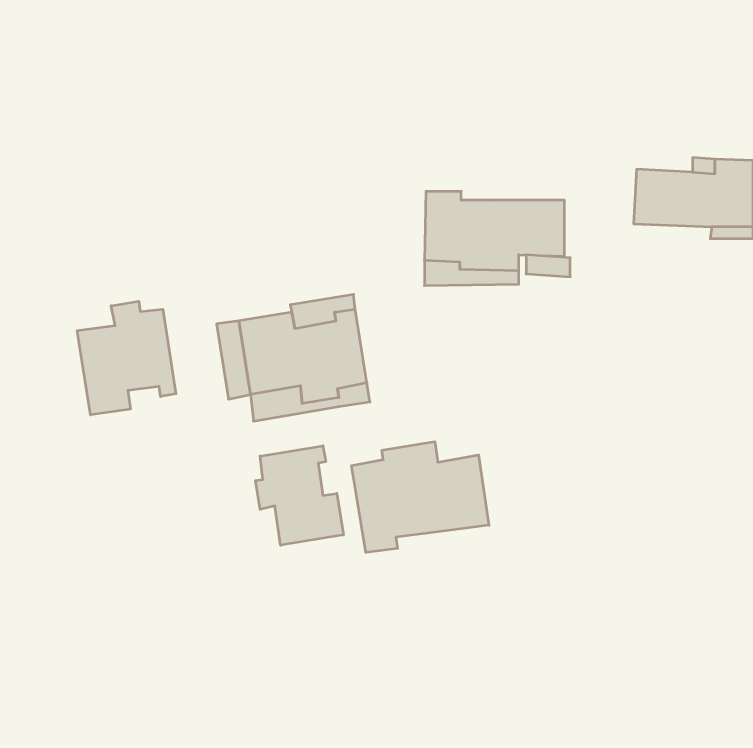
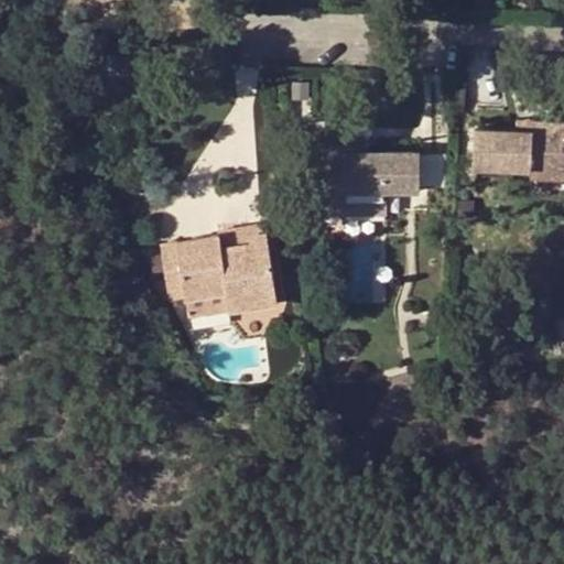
building: [77,301,176,415] -> none
building: [352,442,489,552] -> none
building: [255,446,343,545] -> none

